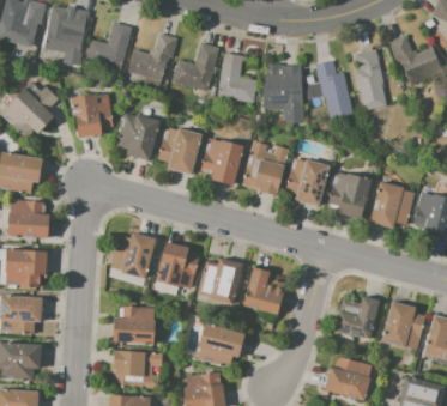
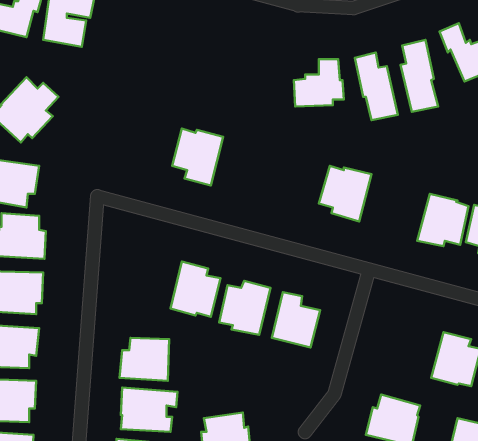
building: [85,23,131,69] -> none
building: [127,34,177,81] -> none
building: [171,43,219,92] -> none
building: [217,53,256,102] -> none
building: [73,92,111,138] -> none
building: [115,113,159,160] -> none
building: [199,138,244,187] -> none
building: [242,141,290,196] -> none
building: [328,171,370,218] -> none
building: [110,232,155,279] -> none
building: [334,296,379,339] -> none
building: [197,322,244,365] -> none

